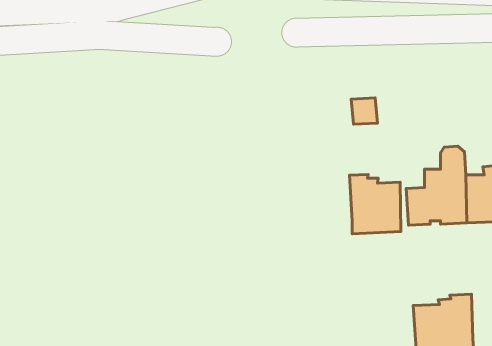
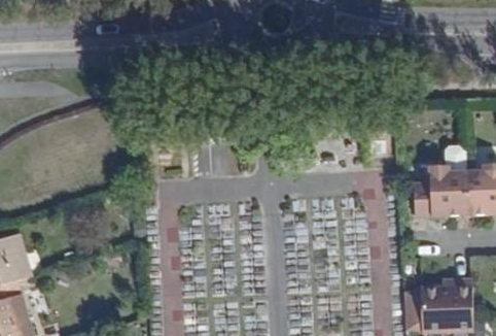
building: [350,175,401,234] -> none

